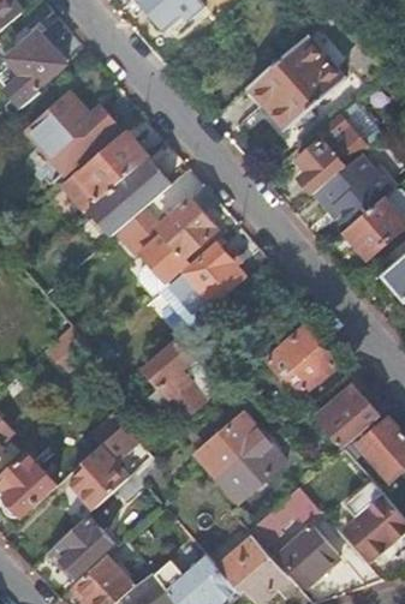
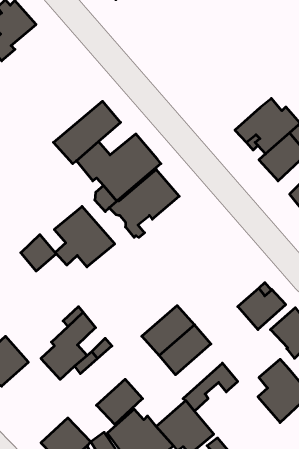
building: [251,38,344,130] -> none
building: [26,94,117,173] -> none
building: [297,113,368,196] -> none
building: [62,133,148,213] -> none
building: [266,328,334,396] -> none
building: [144,340,220,415] -> [54,206,115,267]
building: [54,518,112,574] -> [96,379,143,424]
building: [278,526,339,586] -> none

